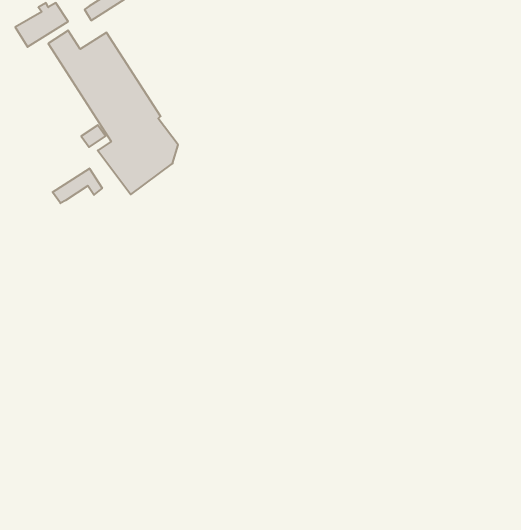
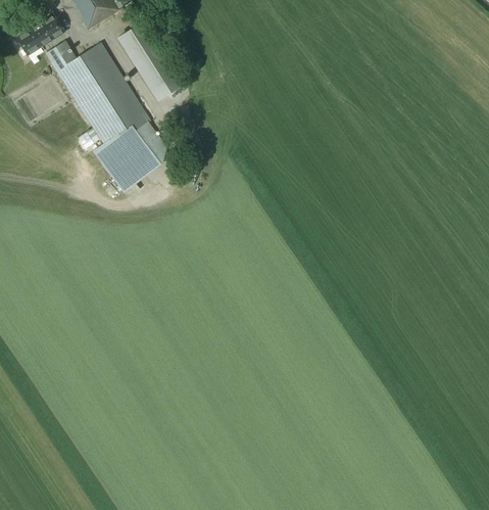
building: none -> [116,20,184,100]
building: [53,168,102,203] -> none

